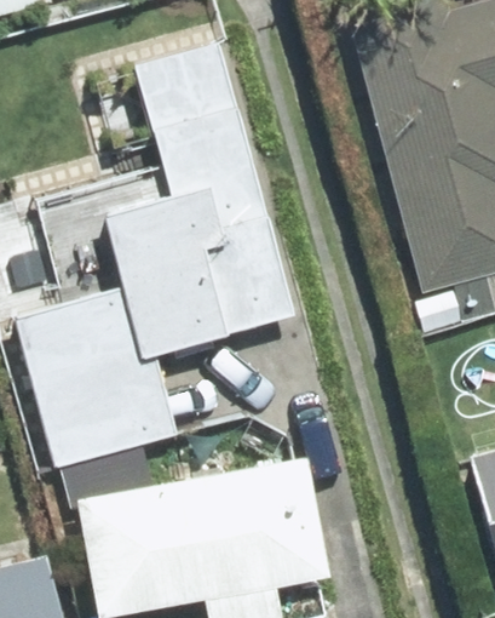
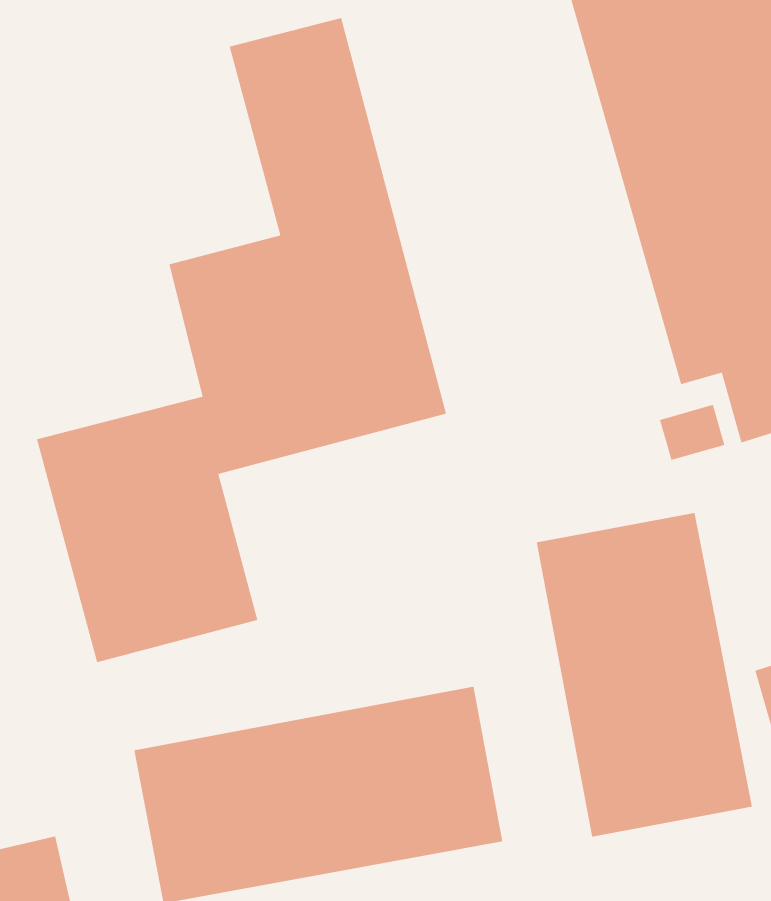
building: none -> [536,512,752,837]

